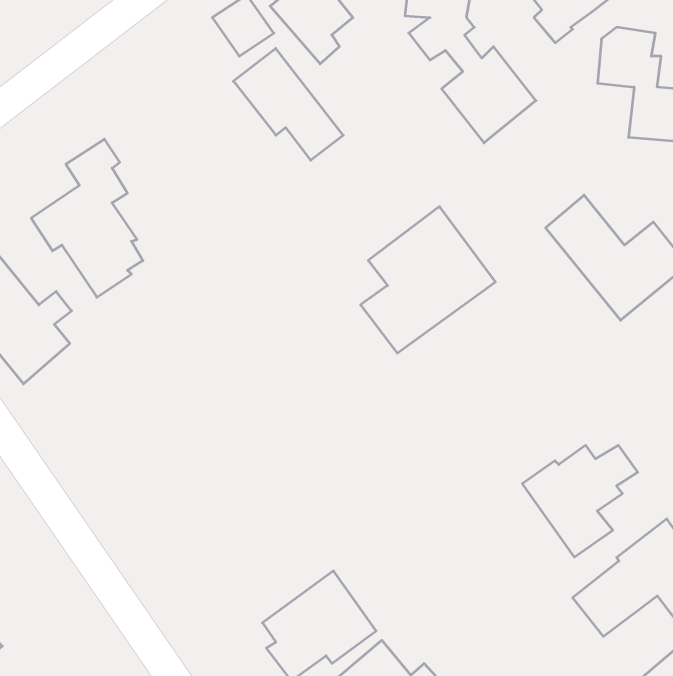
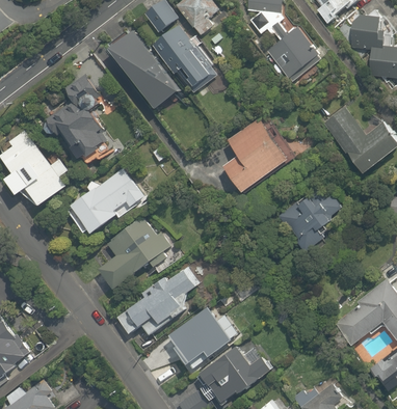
building: none -> [108,33,178,111]
building: none -> [71,167,142,234]
building: none -> [98,214,168,289]
building: [522,445,638,557] -> [279,194,341,254]
building: none -> [122,265,197,330]

